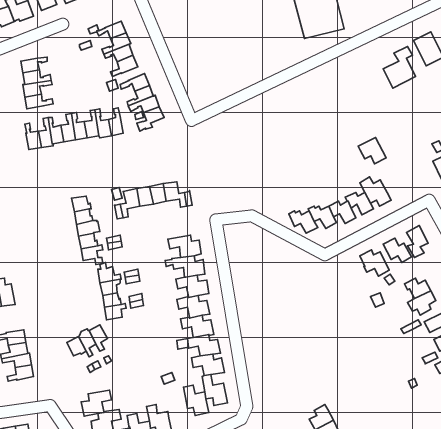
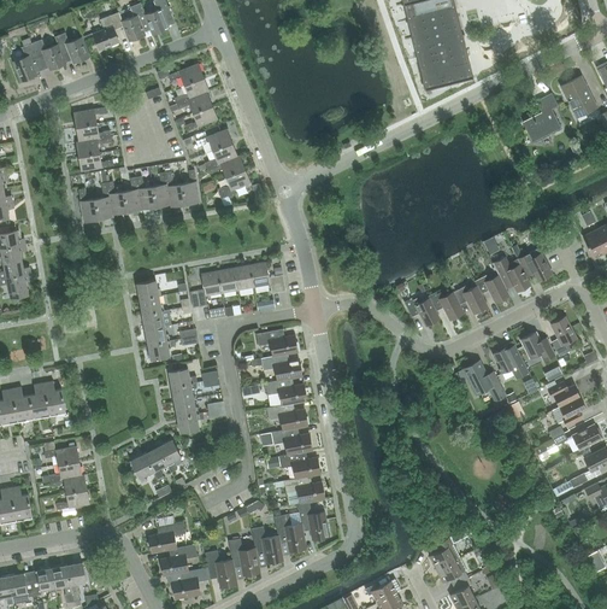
building: [358,137,386,164] -> [518,248,553,281]
building: none -> [462,361,506,402]
building: none -> [252,526,283,563]

